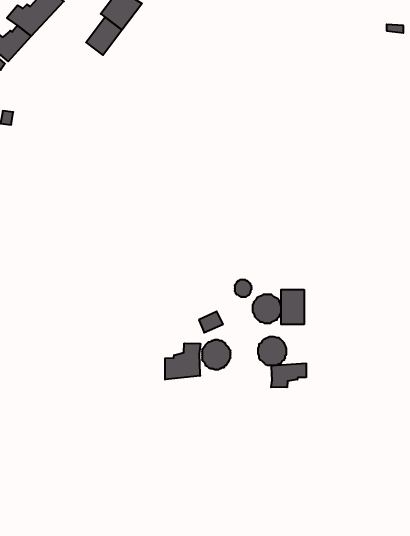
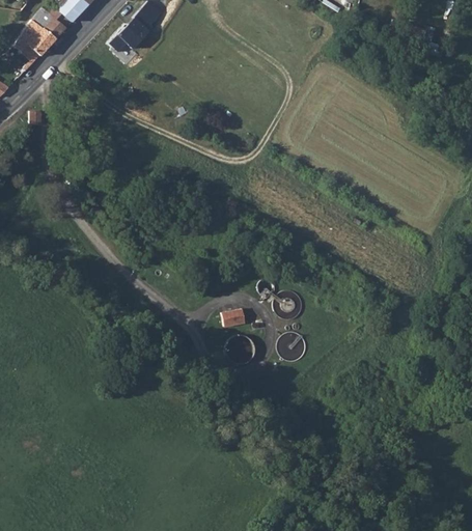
building: [281,290,304,324] -> none
building: [165,343,200,380] -> none
building: [271,363,306,387] -> none

